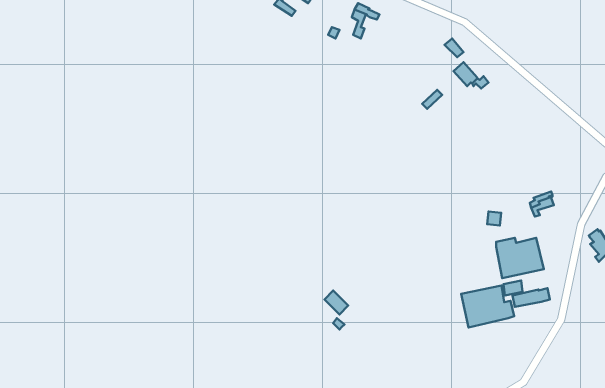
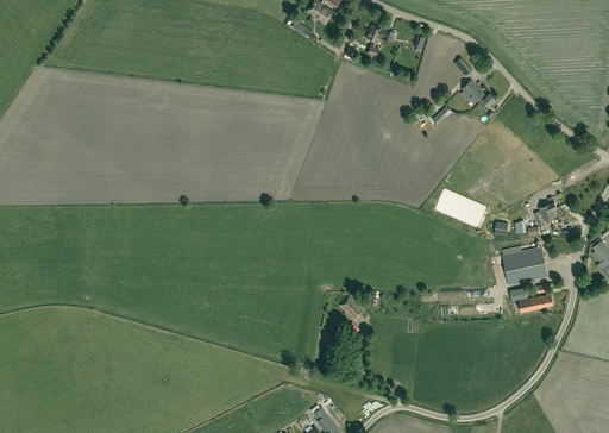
building: [461,286,514,327] -> none

